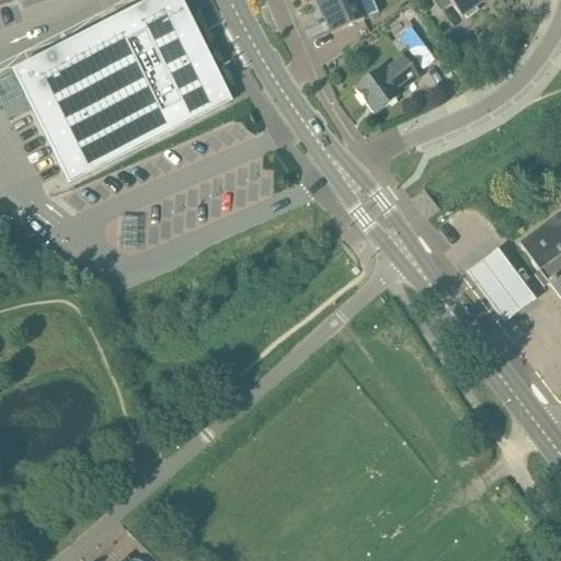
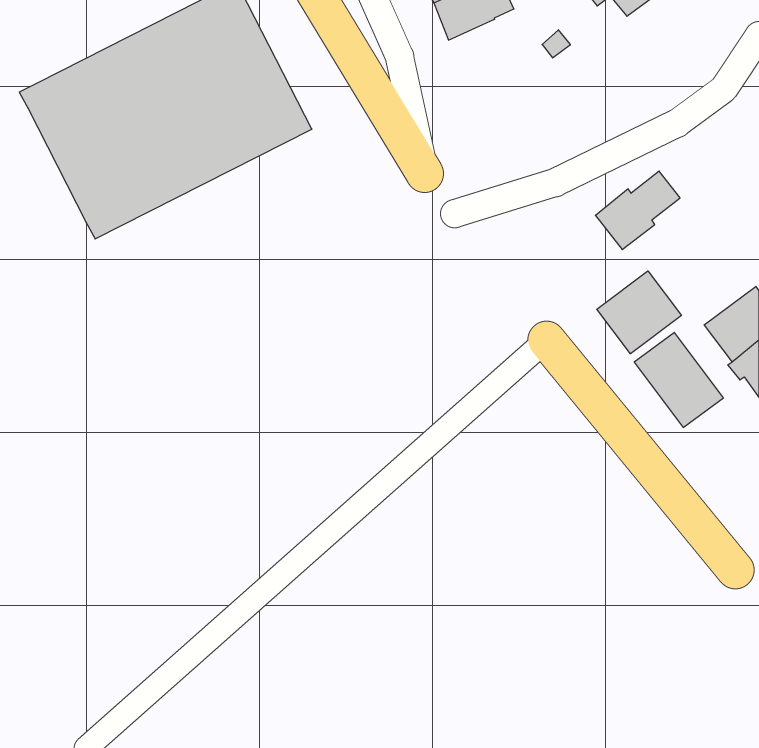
building: [357,51,420,110] -> [595,171,680,250]
building: none -> [597,271,681,354]

